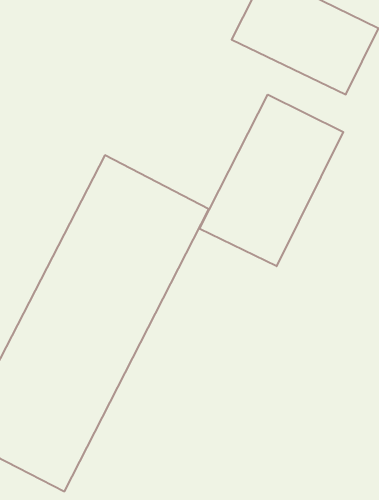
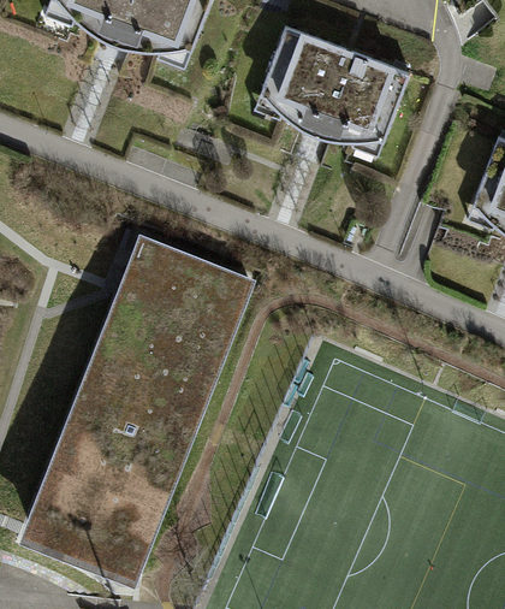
building: [200,95,343,266] -> none

